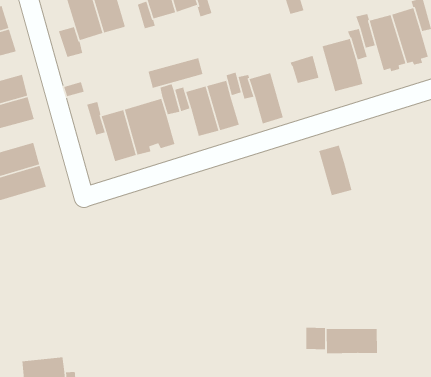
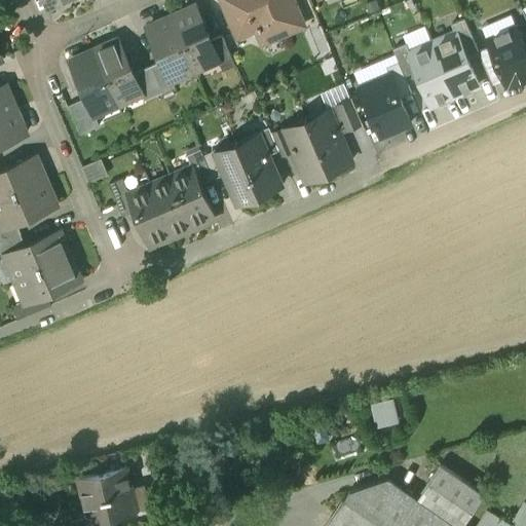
building: none -> [134,67,162,102]
building: [147,57,203,89] -> none
building: [318,145,352,196] -> [307,114,350,172]
building: [326,328,378,354] -> none

